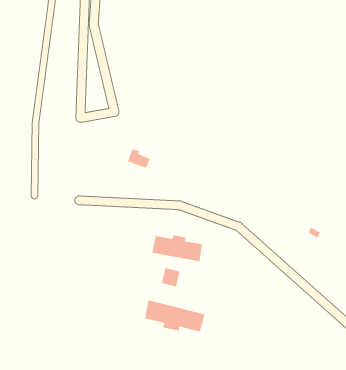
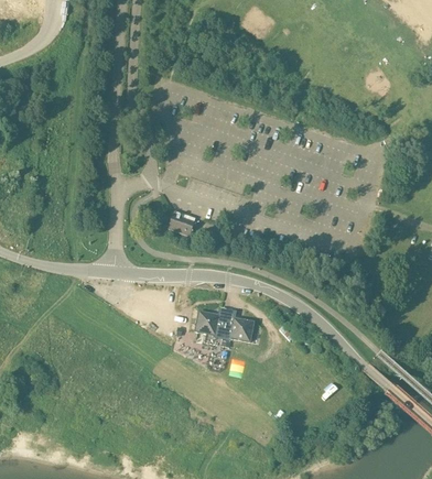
building: [144,299,205,332] -> none

